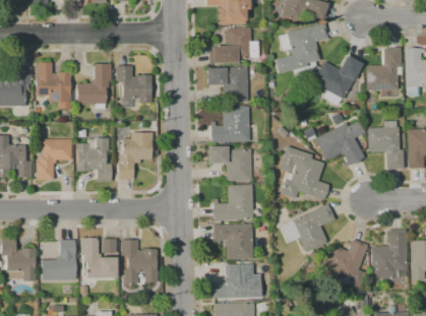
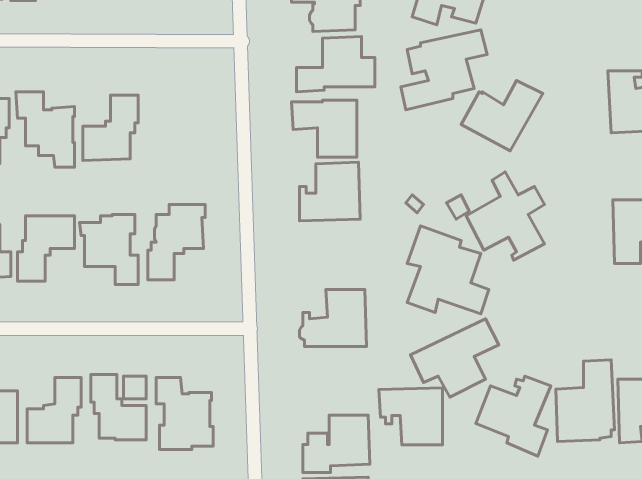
building: [366,48,402,90] -> none
building: [117,65,151,103] -> none
building: [367,127,404,170] -> none
building: [208,146,251,181] -> none
building: [212,224,252,259] -> [379,388,443,445]

